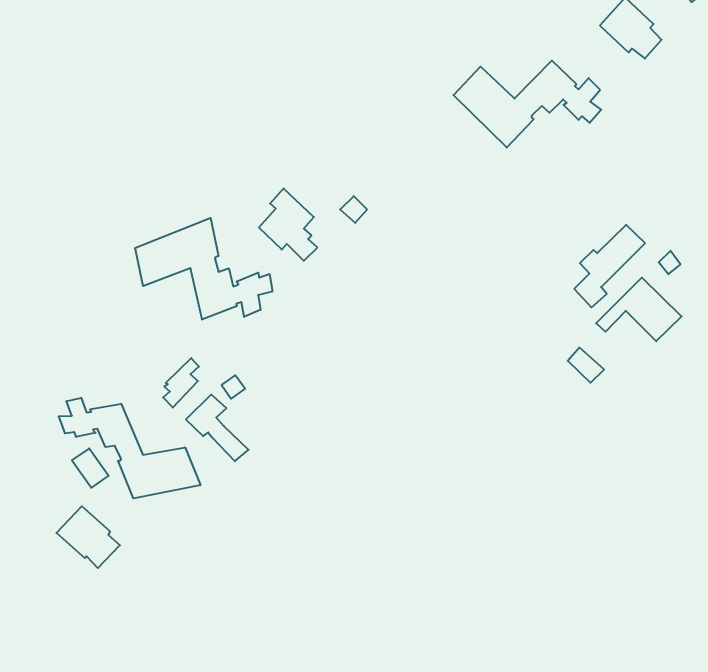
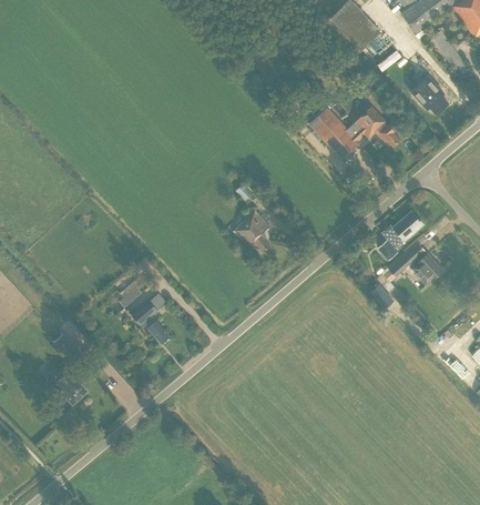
building: [259,188,317,261] -> [234,206,269,252]
building: [135,218,272,320] -> none
building: [59,398,200,498] -> none

